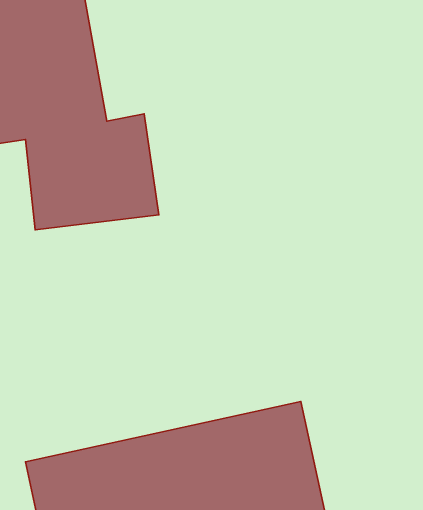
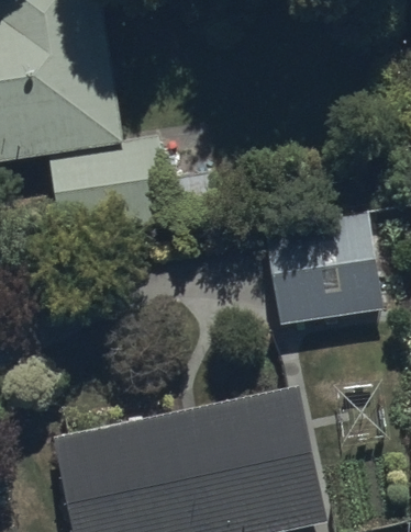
building: none -> [265,214,384,325]

